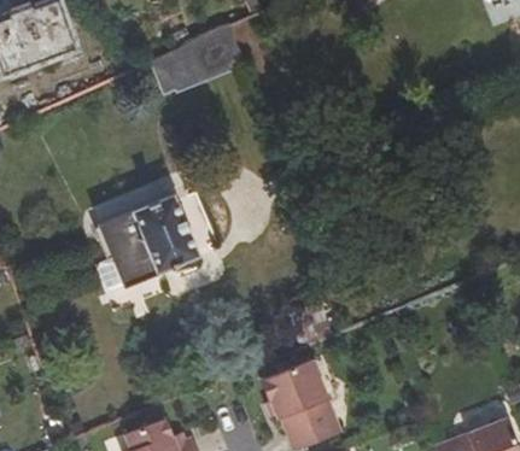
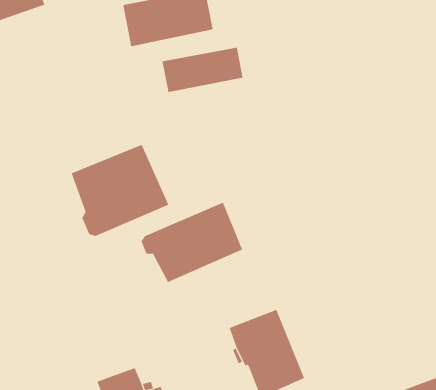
building: none -> [162,47,243,93]
building: none -> [141,202,243,283]

